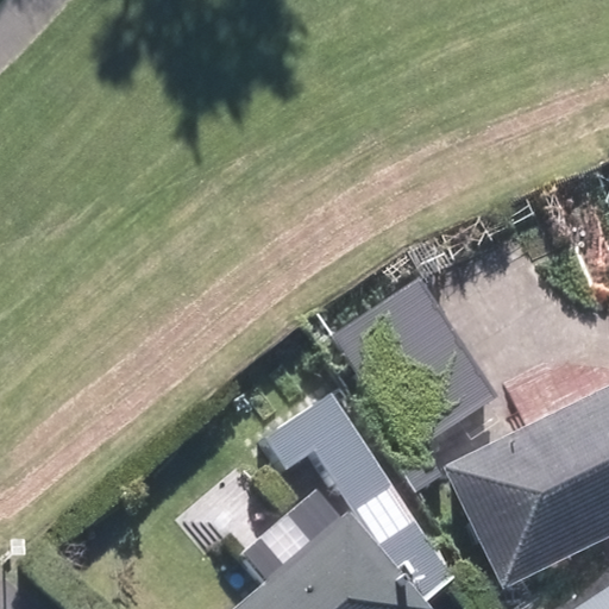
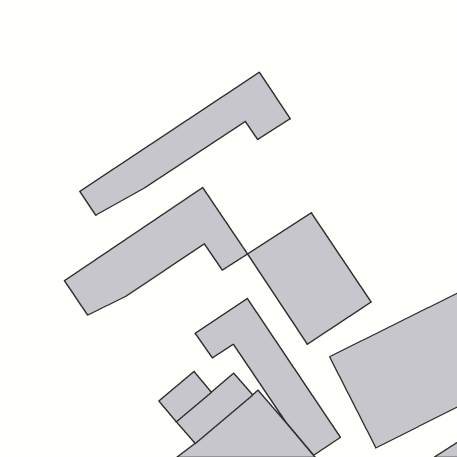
building: none -> [80,72,290,215]
building: none -> [64,187,247,315]

